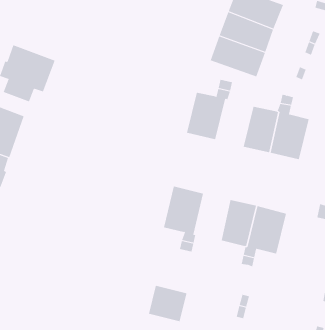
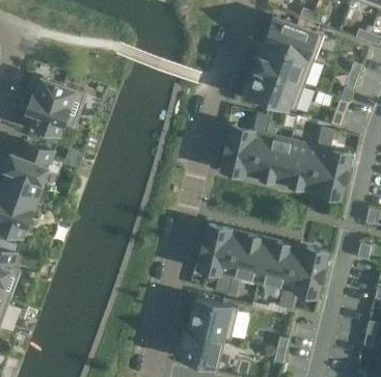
building: none -> [252,134,291,184]
building: none -> [229,233,267,281]
building: none -> [189,298,237,340]

